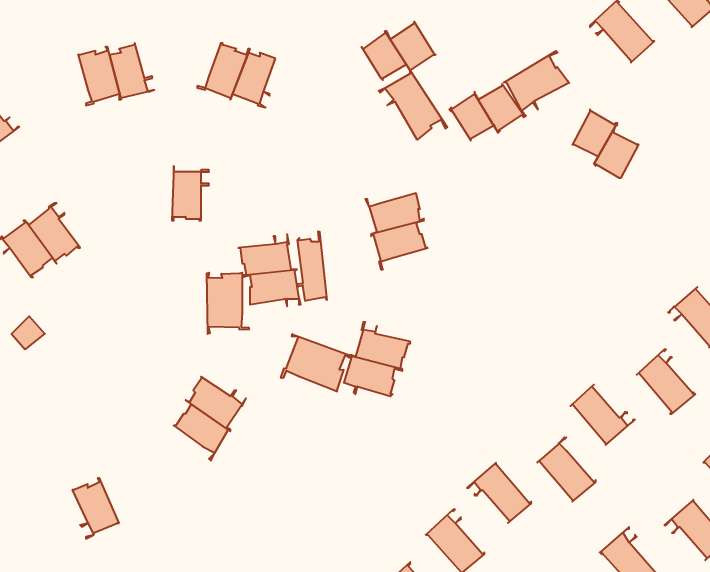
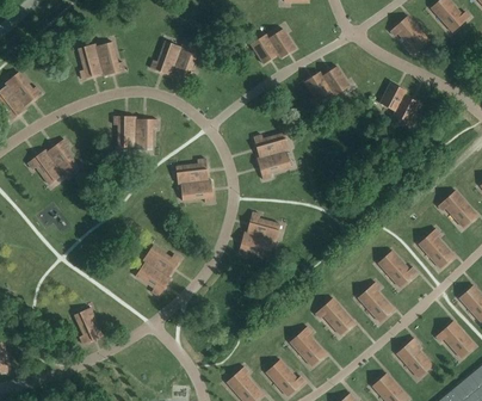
building: [504,51,569,117] -> none
building: [379,70,447,140] -> none
building: none -> [118,117,136,150]
building: [297,231,327,301] -> none
building: [207,273,249,334] -> none
building: [281,334,350,392] -> none

